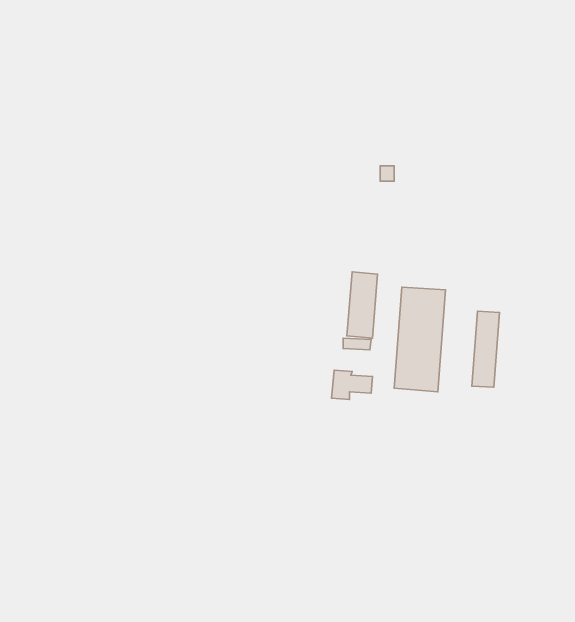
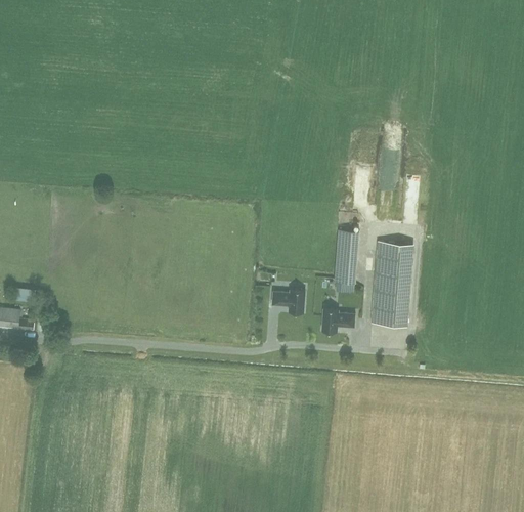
building: [472,311,499,387] -> none
building: none -> [271,289,304,313]

